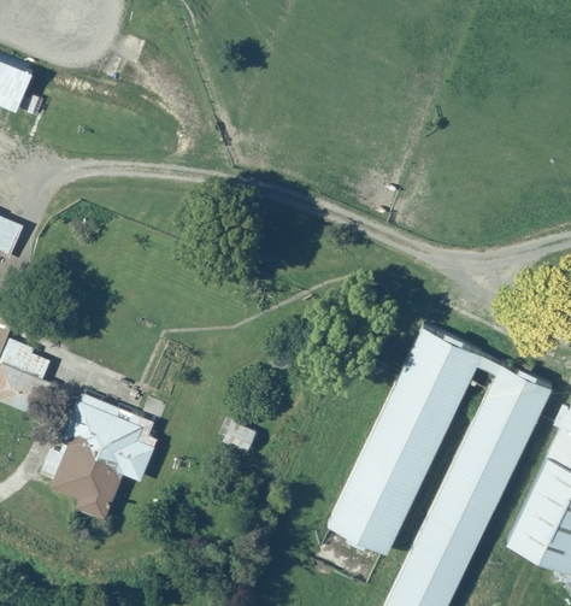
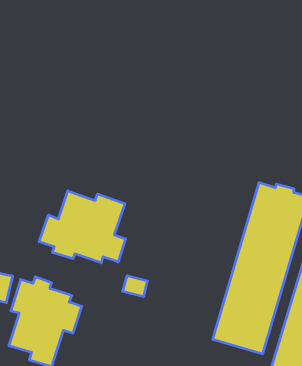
building: none -> [39,191,126,263]

